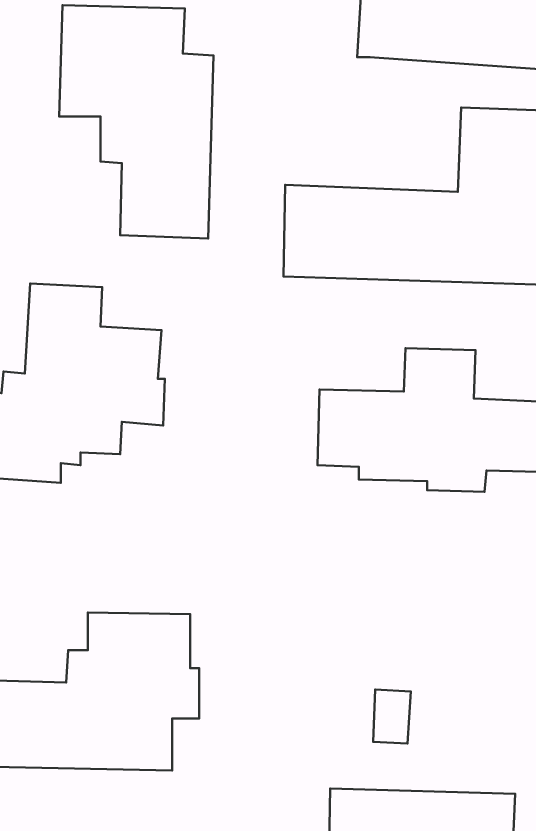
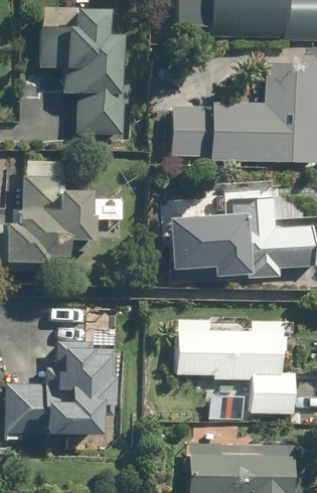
building: none -> [173,329,297,416]

